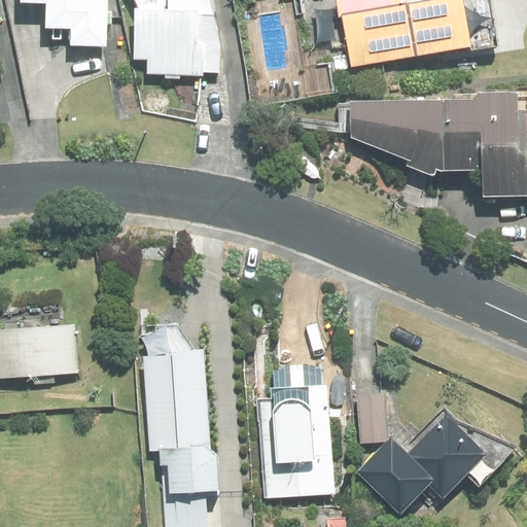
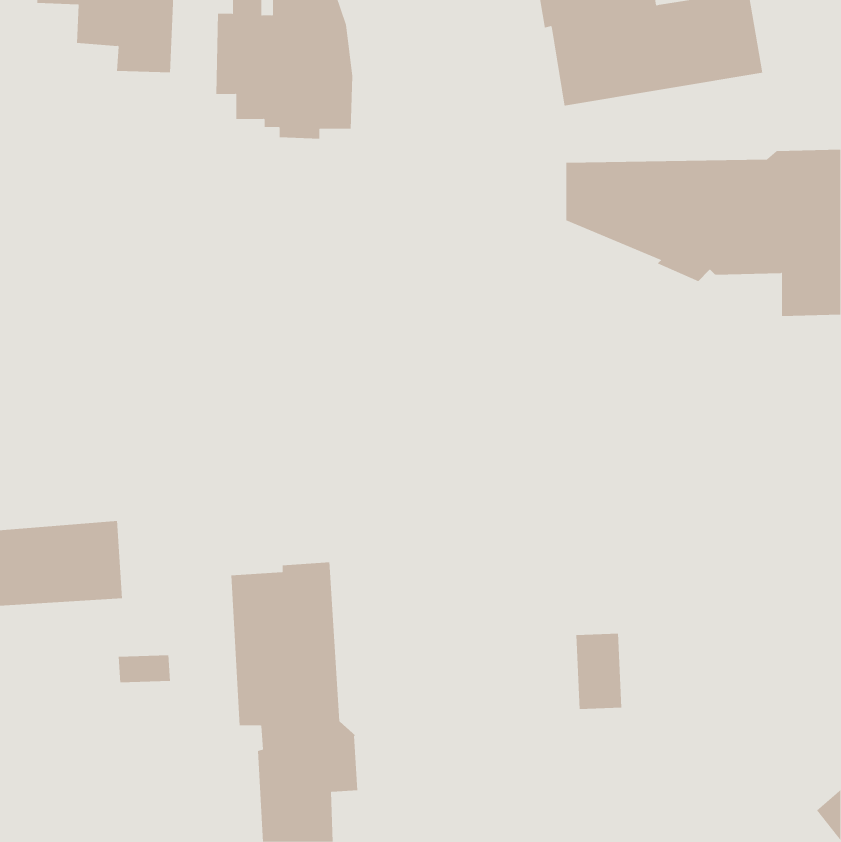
building: [257,363,332,495] -> none
building: [358,414,488,514] -> none

